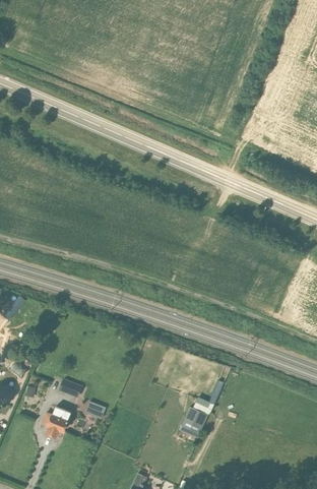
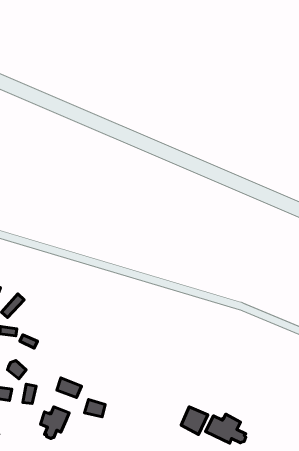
building: none -> [205,414,246,443]

